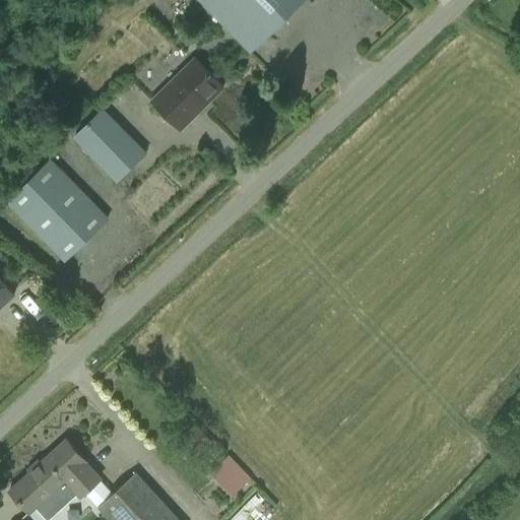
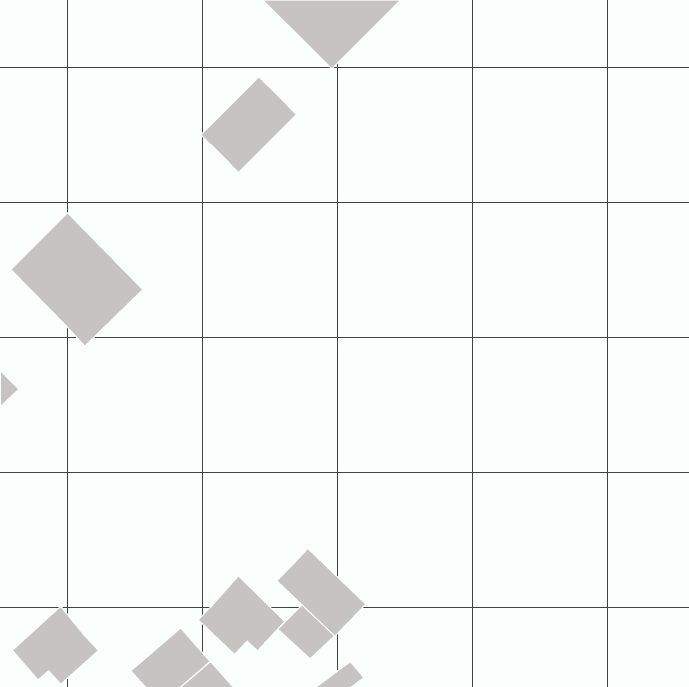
building: [72,109,145,182] -> none
building: none -> [277,549,366,636]
building: none -> [198,576,285,654]
building: [46,441,100,498] -> none

